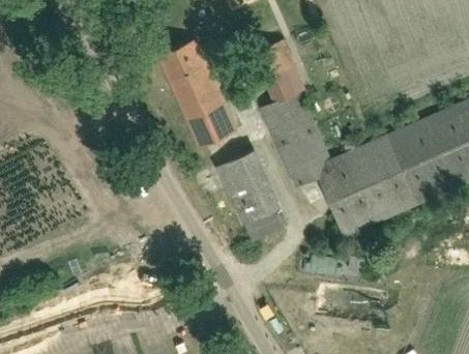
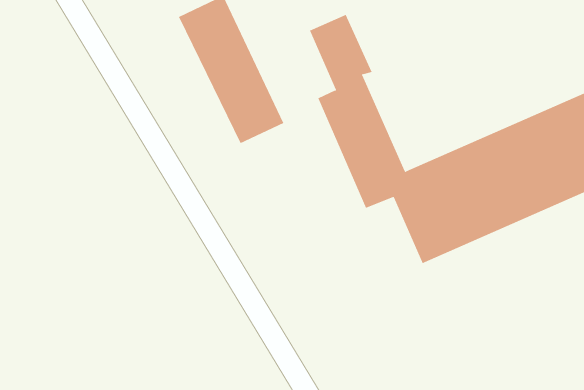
building: [222,154,279,233] -> none

